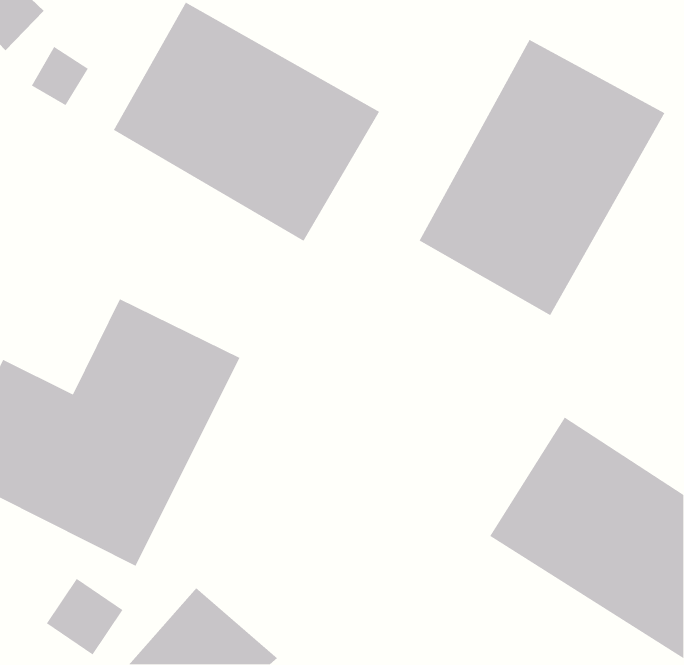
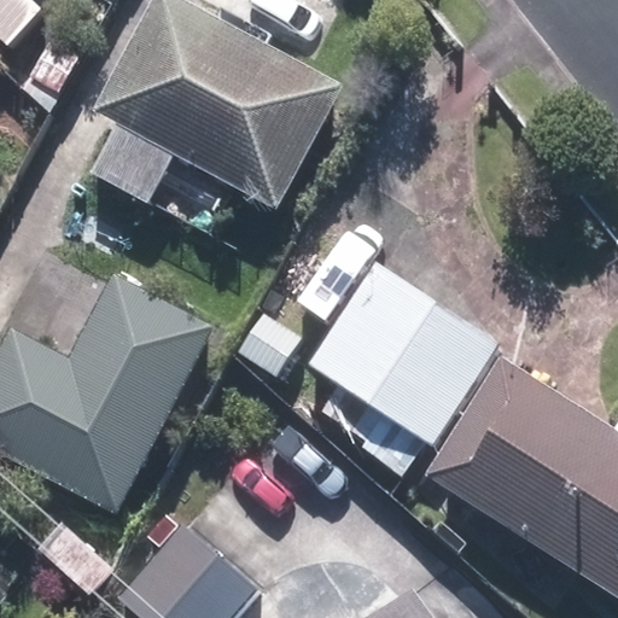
building: [419,39,666,316] -> none
building: none -> [309,274,496,448]

